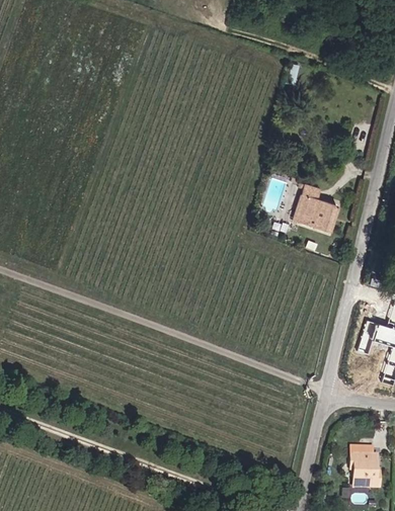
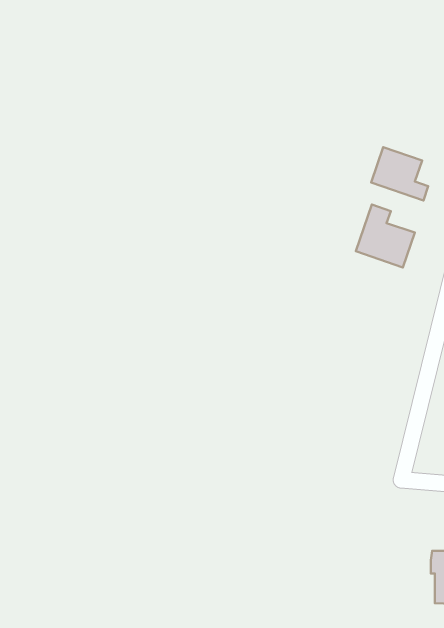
building: none -> [371,147,428,201]

